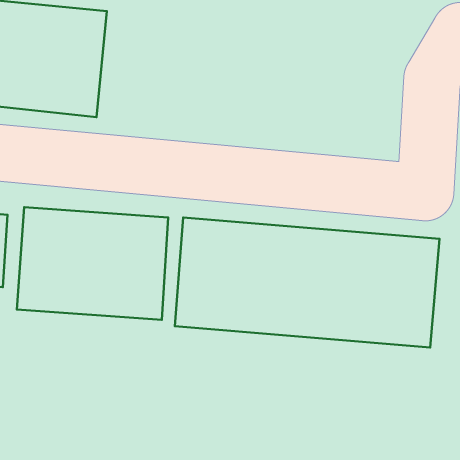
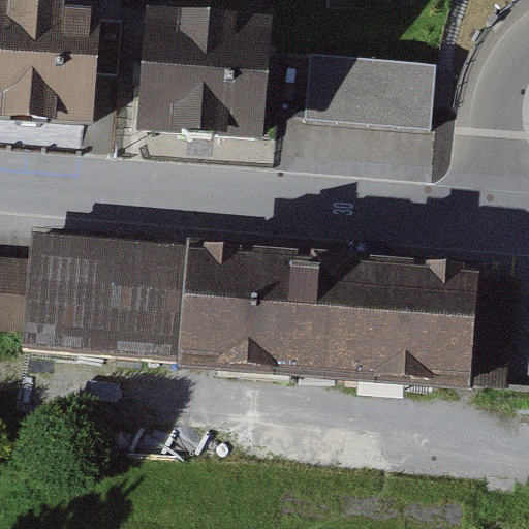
building: none -> [150,12,282,143]
building: none -> [298,49,425,126]

